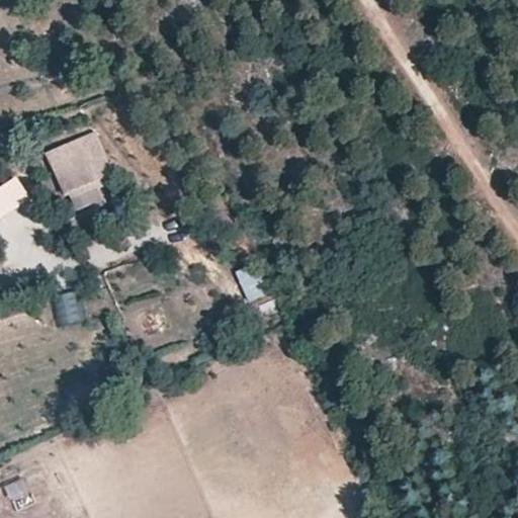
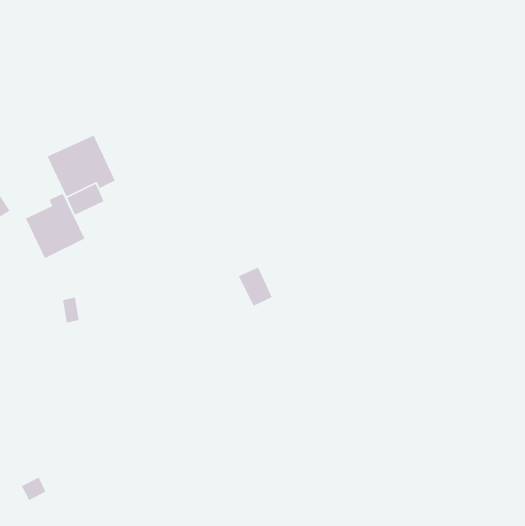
building: none -> [25,193,85,259]

